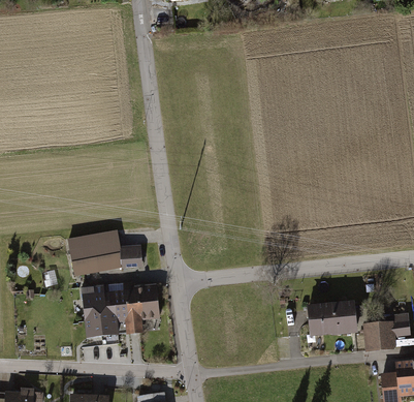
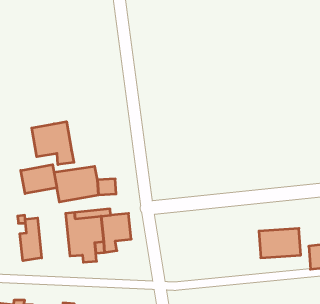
building: none -> [32,122,74,165]
building: none -> [21,165,57,194]
building: none -> [20,218,42,261]

